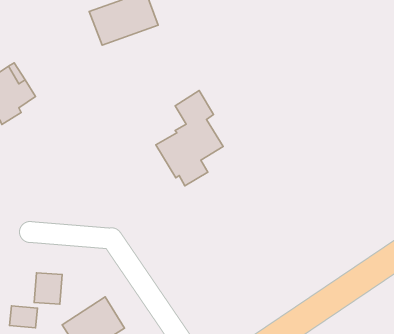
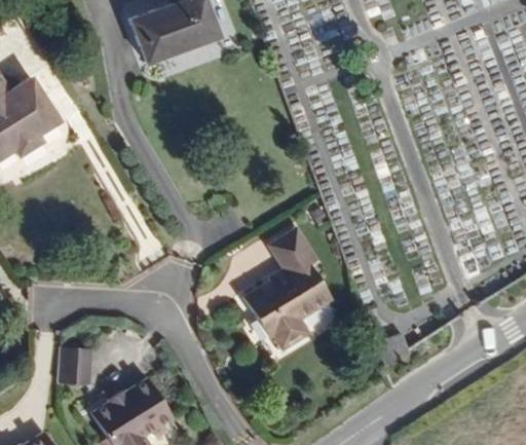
building: [156,91,223,186] -> [248,224,334,346]
building: [9,306,38,328] -> none

